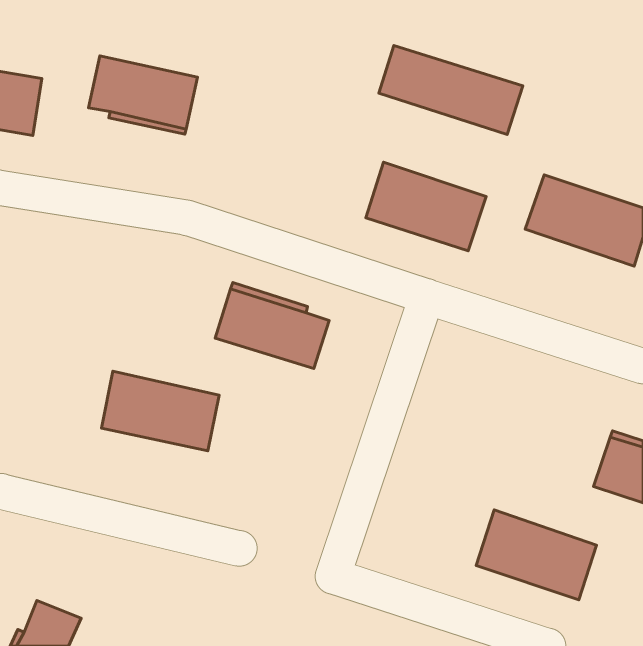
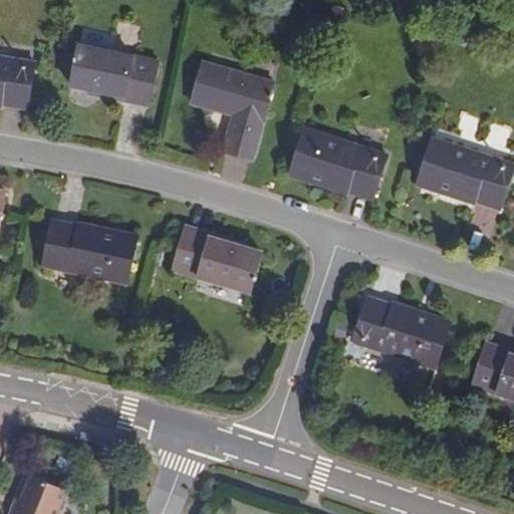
building: [379,45,523,135] -> none
building: none -> [189,62,272,160]
building: [101,371,219,451] -> [42,220,136,283]
building: [476,510,597,600] -> [352,297,448,368]

